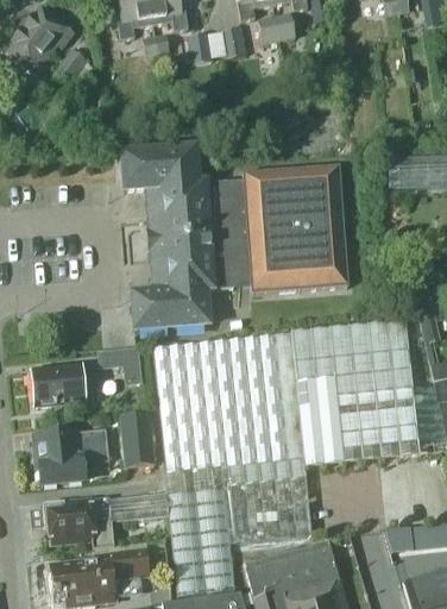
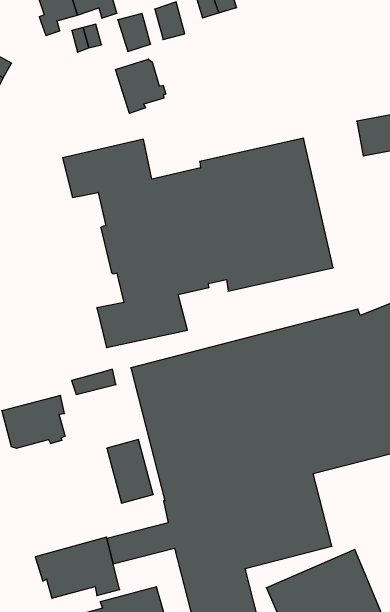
building: none -> [116,59,166,113]
building: [36,427,111,484] -> none

